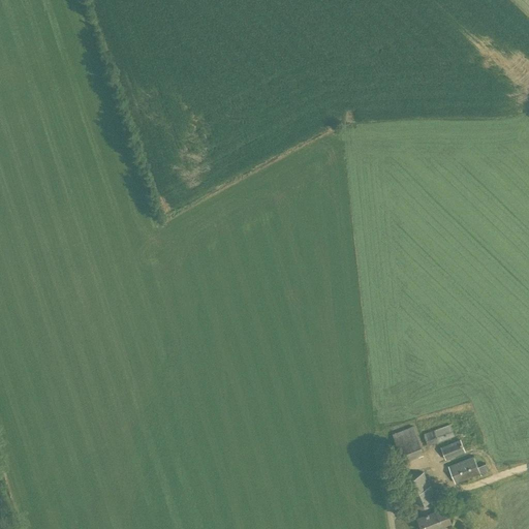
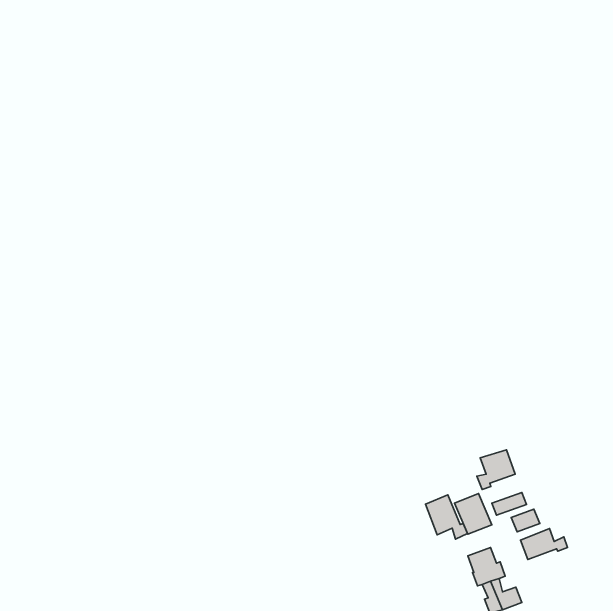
building: none -> [477,450,515,489]
building: none -> [426,495,467,539]

